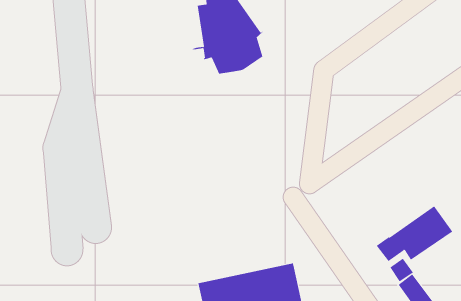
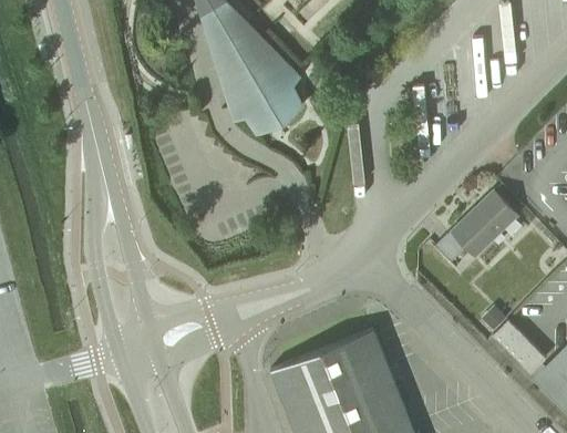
building: [376,205,453,262] -> [434,193,517,264]

